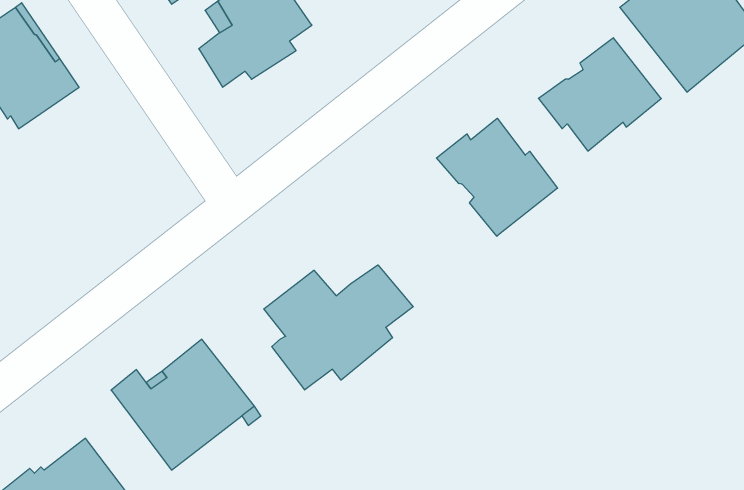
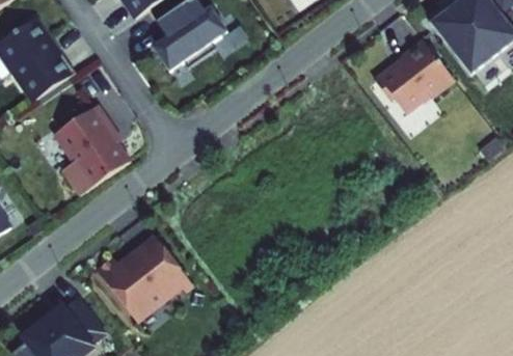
building: [436,118,558,236] -> none
building: none -> [54,103,131,193]
building: [264,265,413,390] -> none

